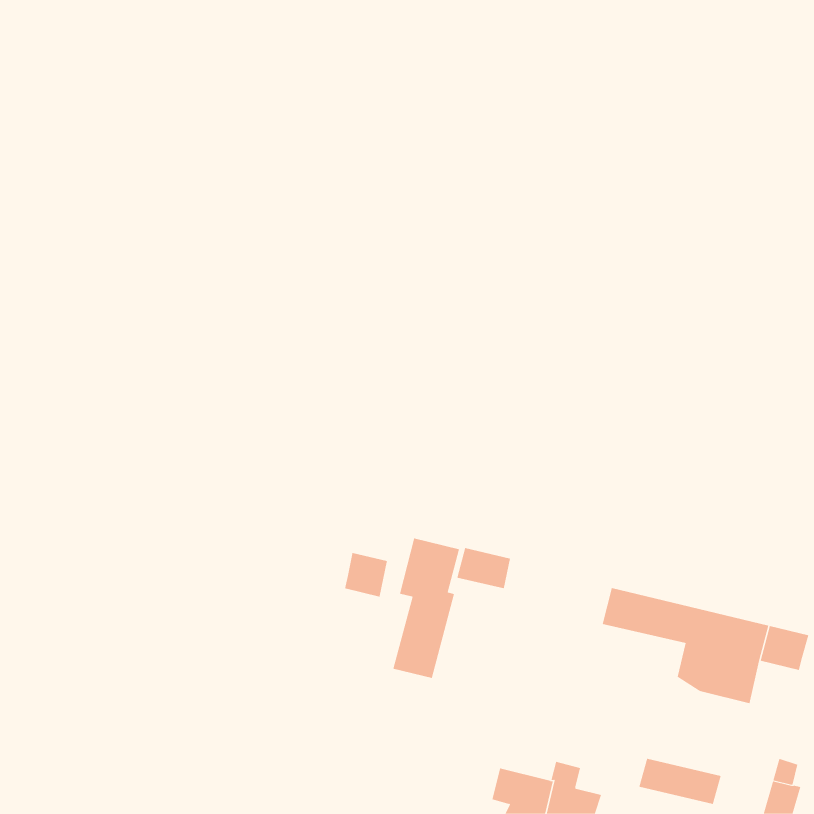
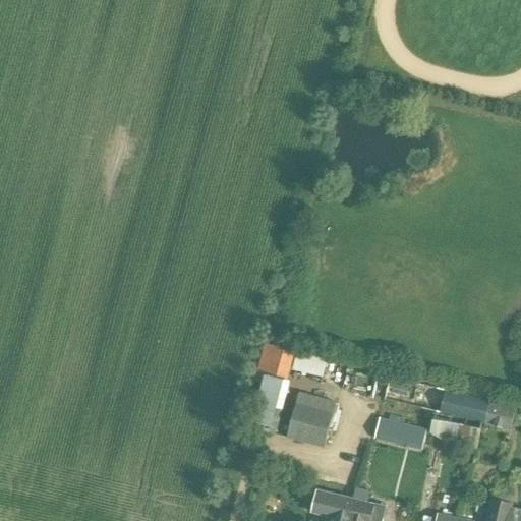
building: [344,552,388,597] -> none
building: none -> [287,394,335,446]
building: [638,758,721,804] -> [374,418,427,448]

